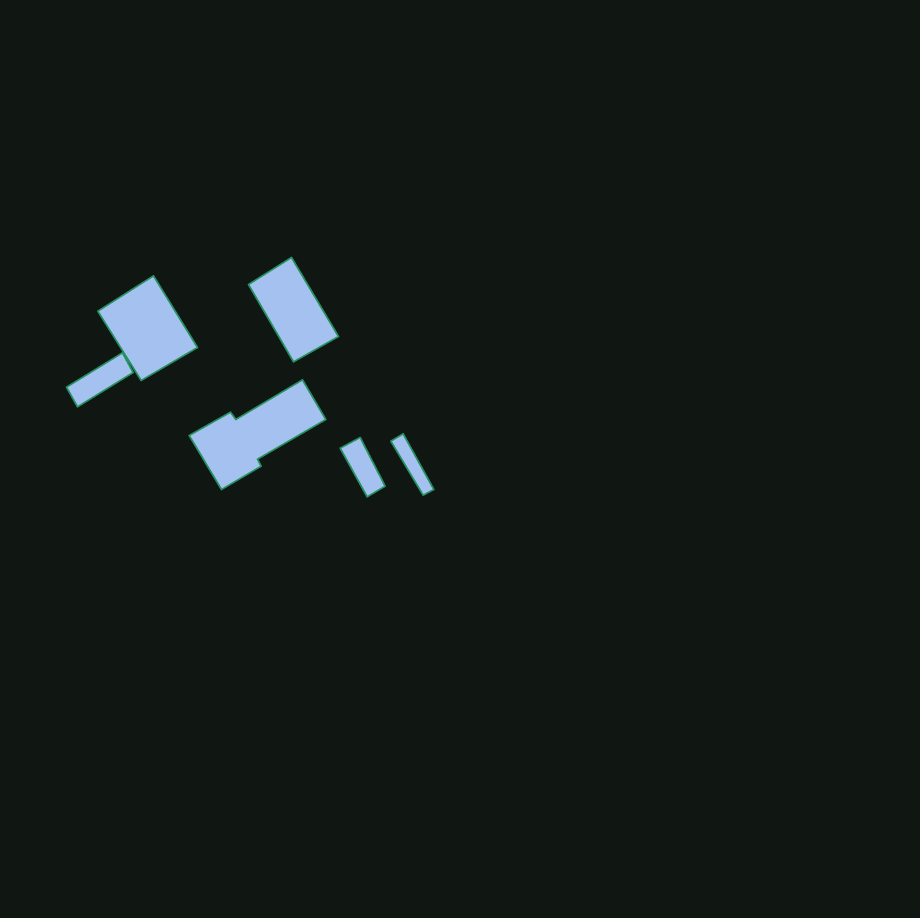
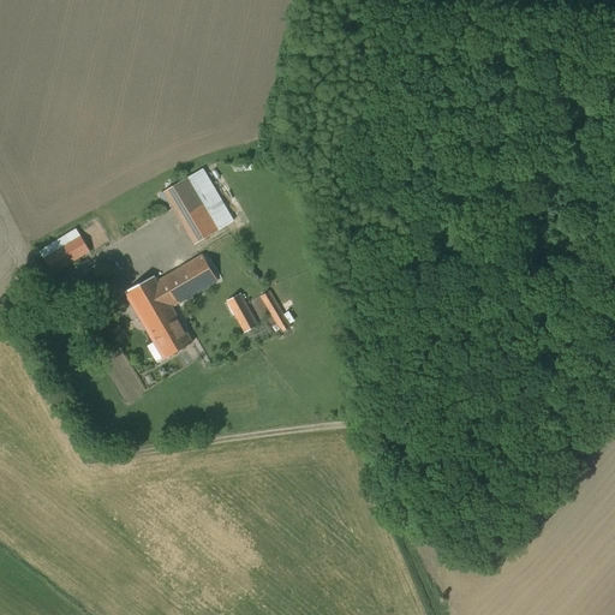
building: [98,276,197,381] -> none
building: none -> [148,311,192,357]

